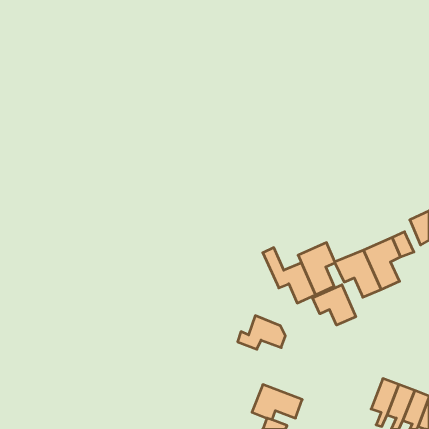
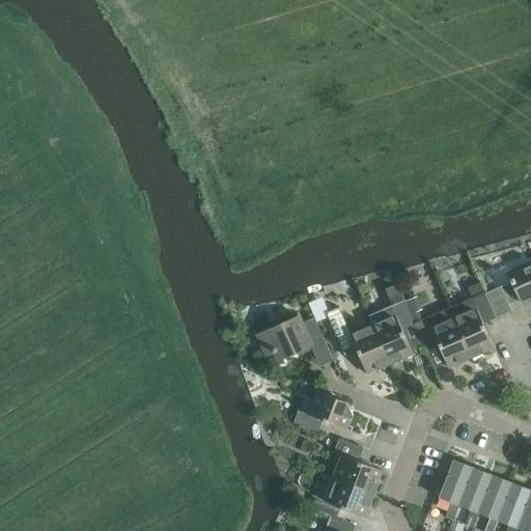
building: none -> [257,316,333,366]
building: [312,285,356,325] -> none
building: none -> [325,440,383,494]
building: none -> [439,459,473,520]

